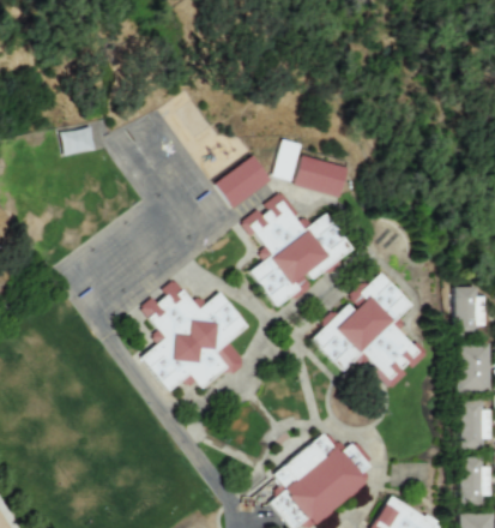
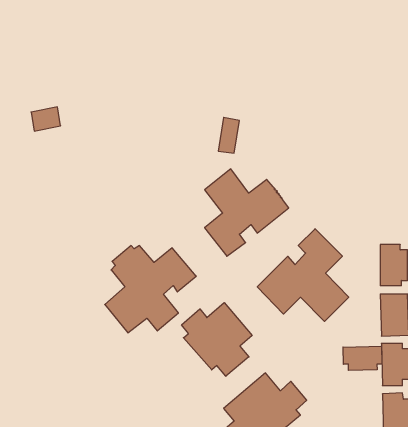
building: [297,156,351,196] -> none
building: [217,157,271,206] -> none
building: none -> [182,303,252,376]
building: none -> [343,346,382,370]

